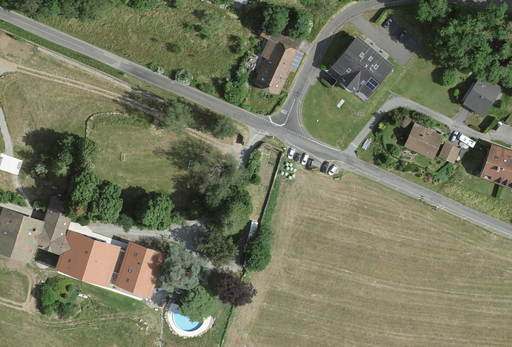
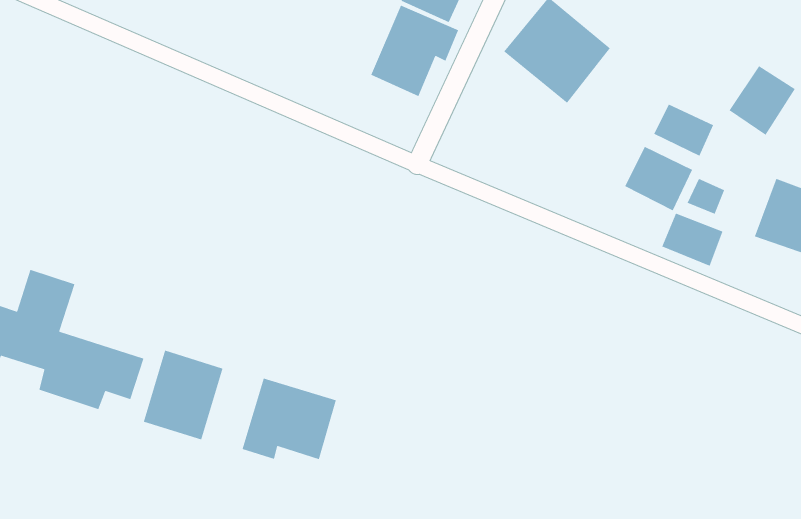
building: none -> [653,103,714,157]
building: none -> [661,212,723,267]
building: none -> [242,378,337,460]

